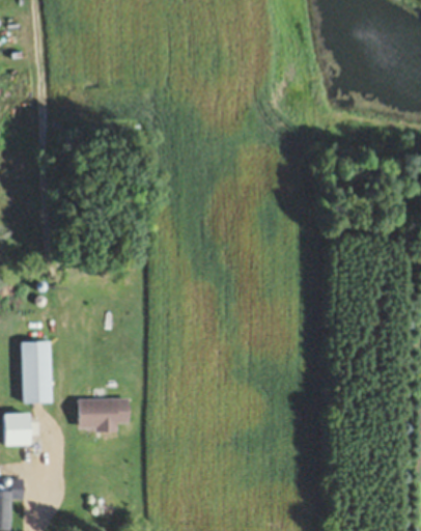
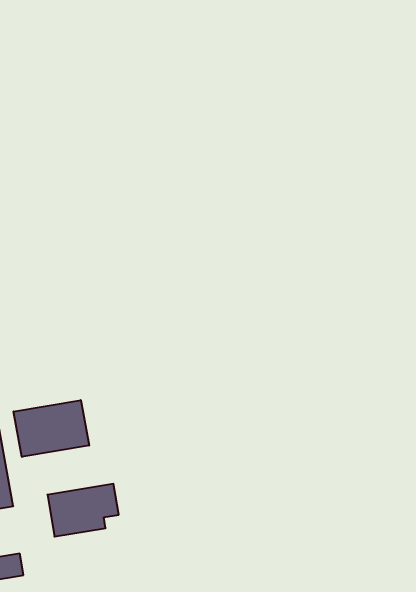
building: none -> [14,400,89,457]

